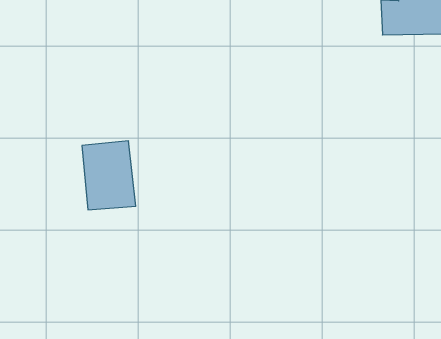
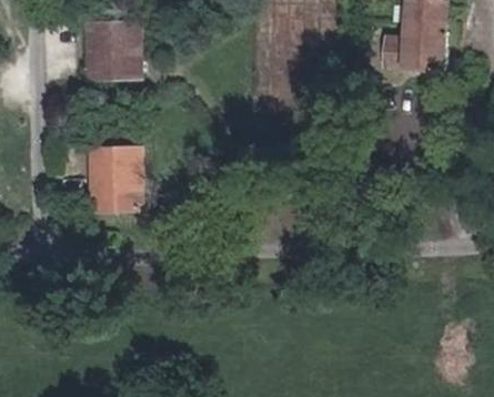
building: none -> [89,23,139,82]

